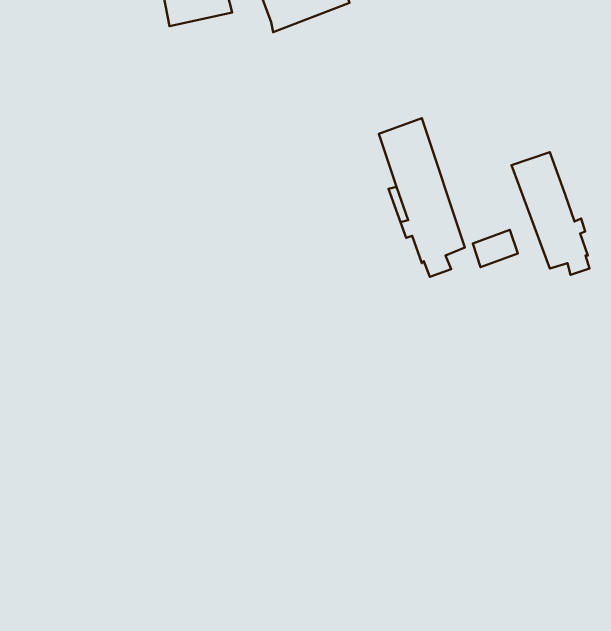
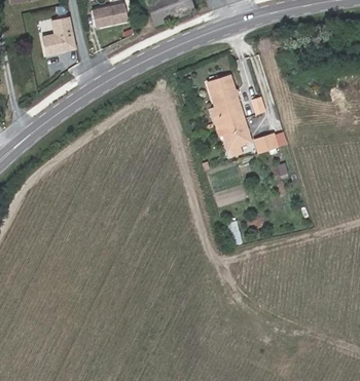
building: none -> [41,14,75,52]
building: [512,152,590,275] -> none

